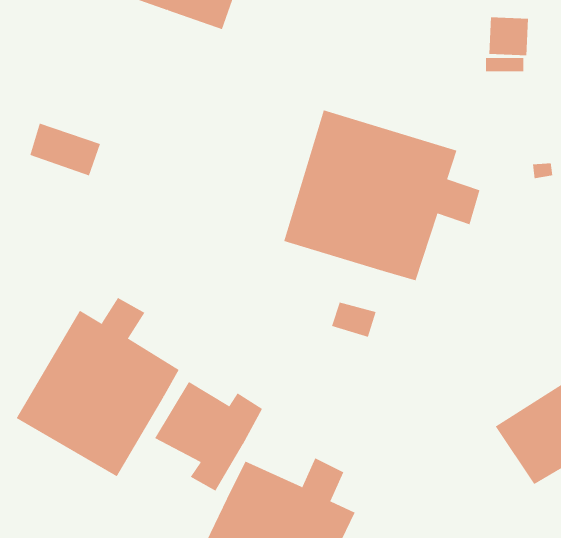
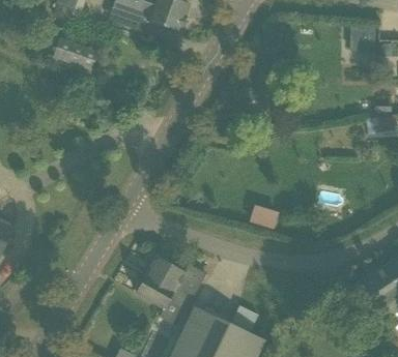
building: [284,109,480,281] -> none
building: [29,123,101,176] -> [53,36,98,70]
building: [16,297,180,477] -> none

